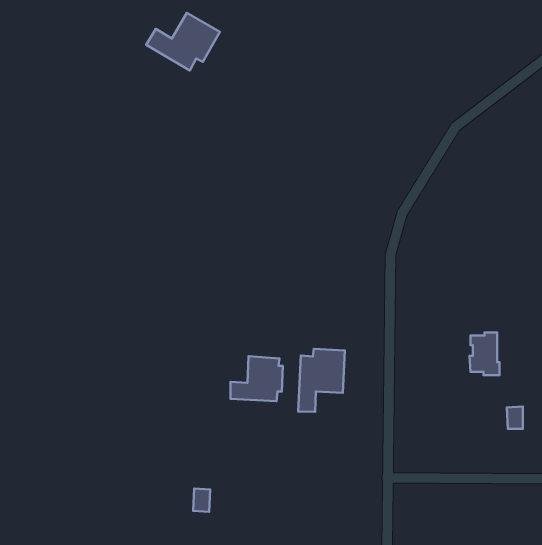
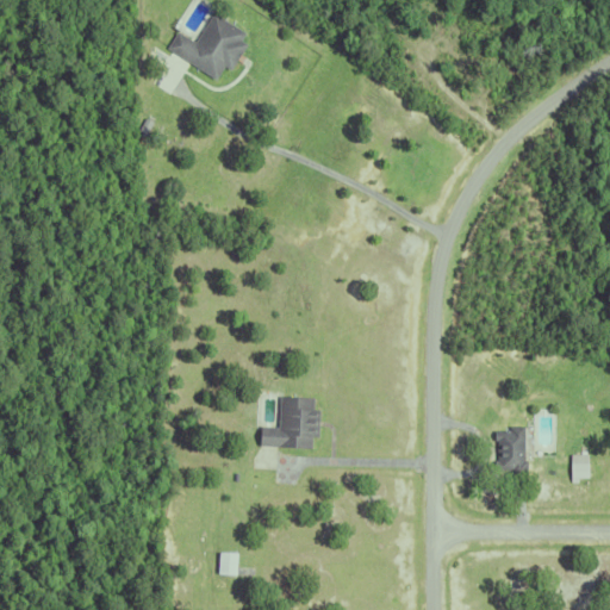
building: [469,332,499,375] -> [494,427,528,474]
building: [298,349,345,412] -> none

